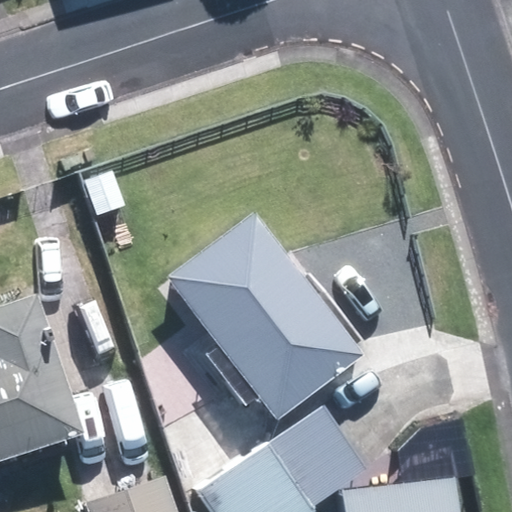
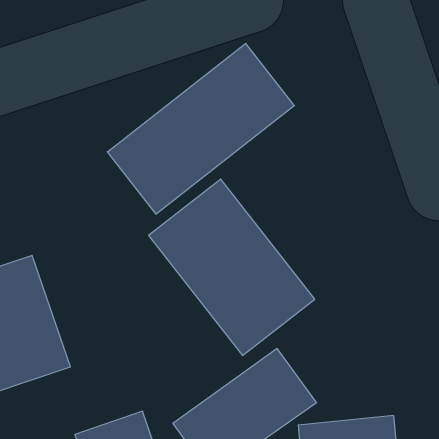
building: none -> [107,44,294,214]

